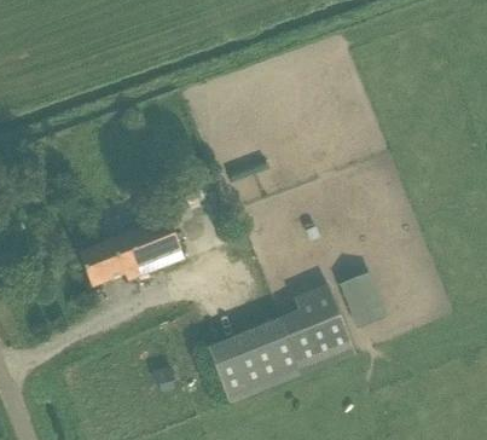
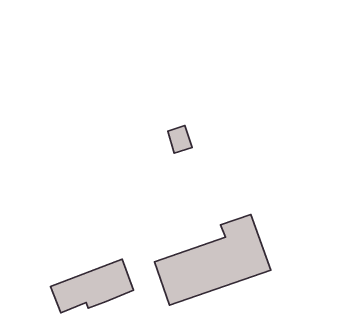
building: [73,219,179,288] -> [50,259,134,313]

